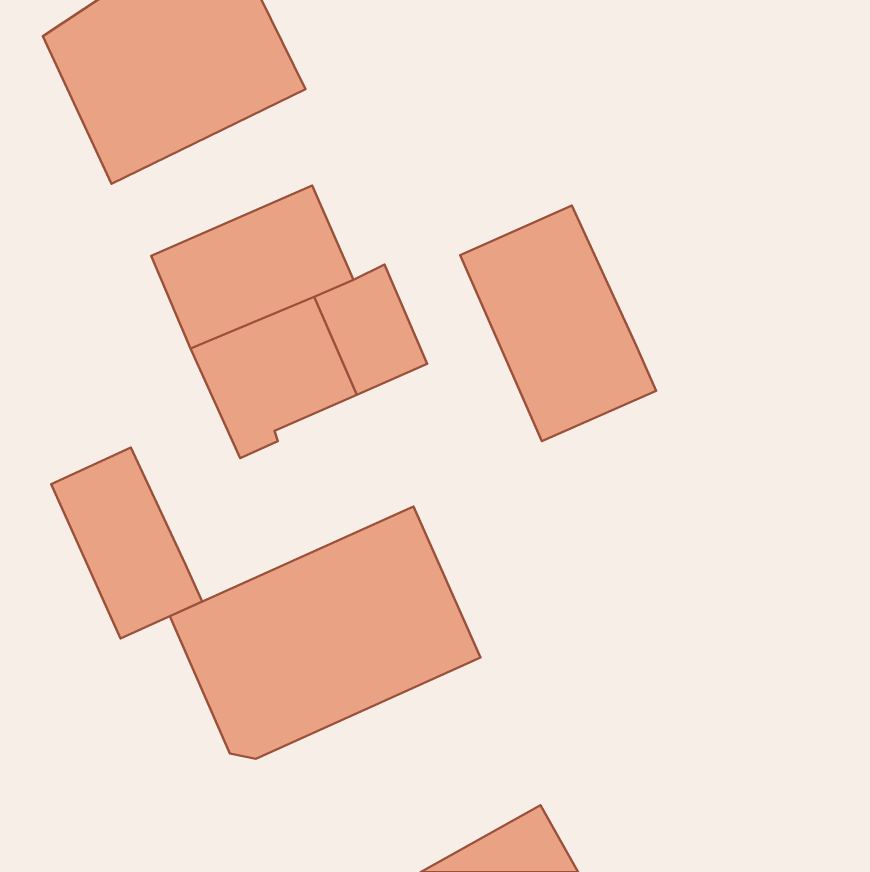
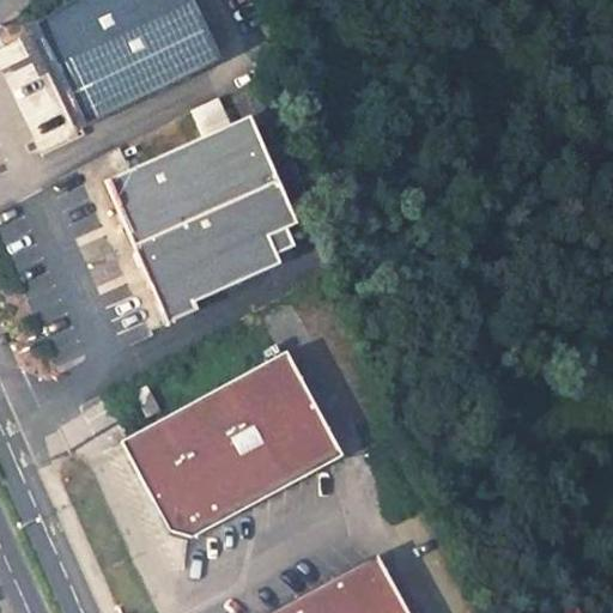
building: none -> [223,120,273,195]
building: [460,205,656,441] -> none
building: [51,447,202,638] -> none

